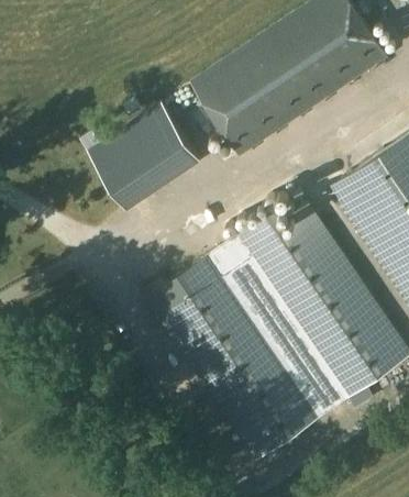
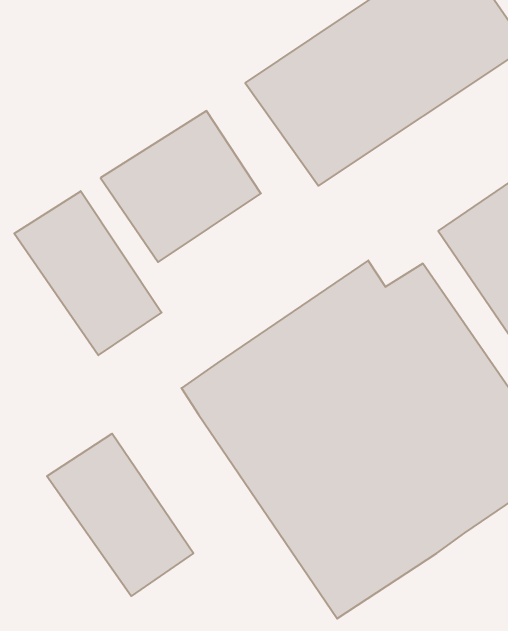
building: none -> [14,191,162,355]
building: none -> [47,434,193,596]

